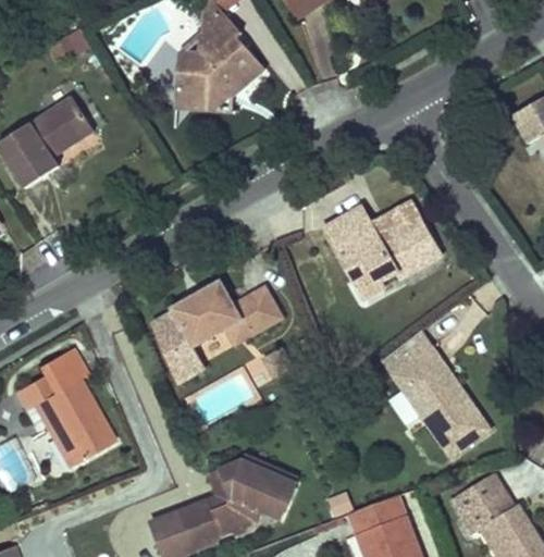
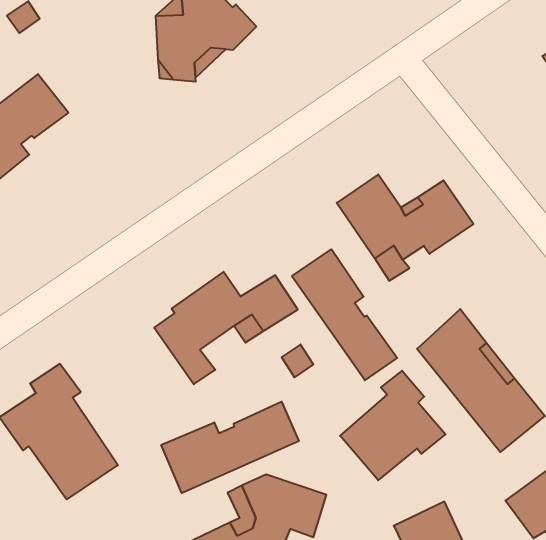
building: none -> [292,249,397,380]
building: none -> [340,371,446,480]
building: none -> [161,402,299,493]

